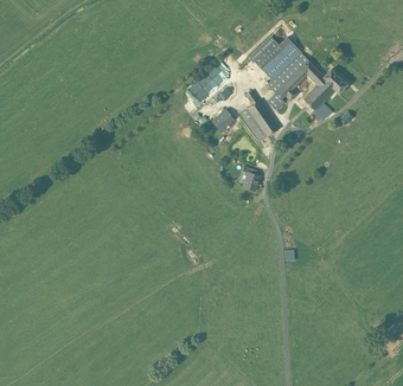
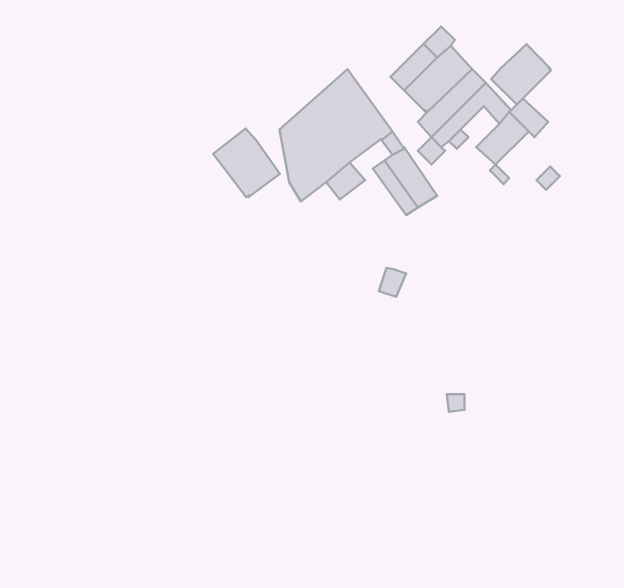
building: none -> [491,44,551,104]
building: none -> [213,128,280,197]

